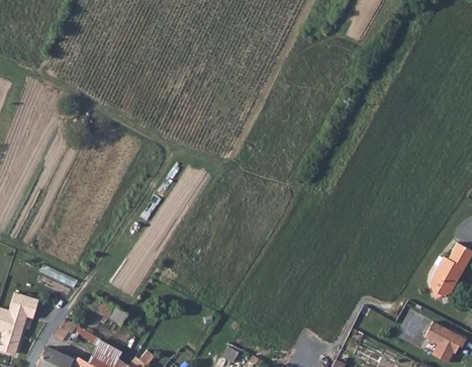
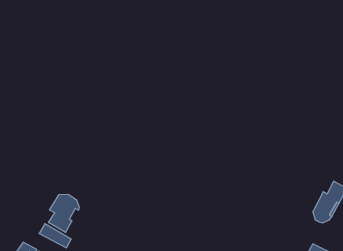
building: none -> [49,194,79,232]

